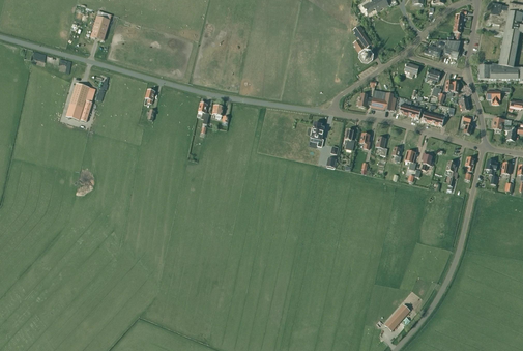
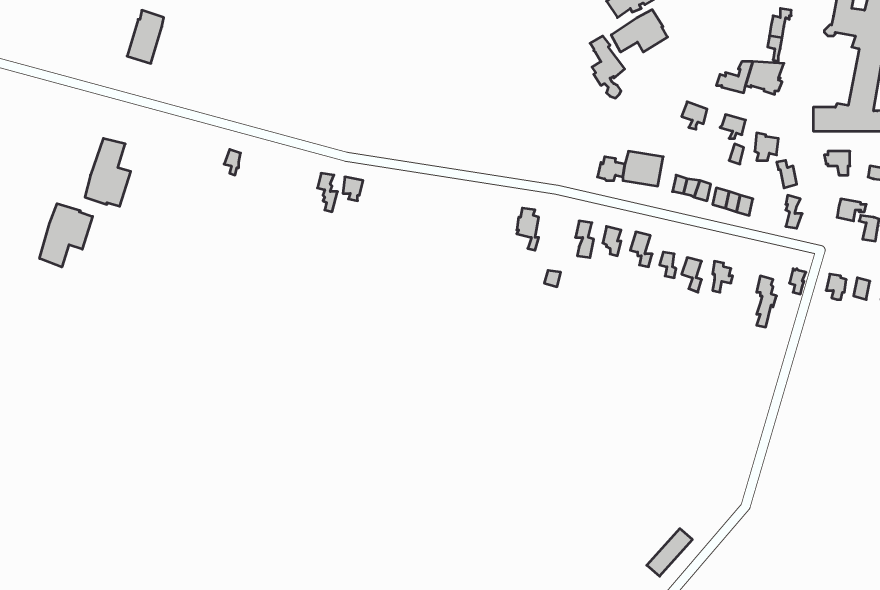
building: none -> [611,10,668,52]
building: none -> [40,204,93,267]

